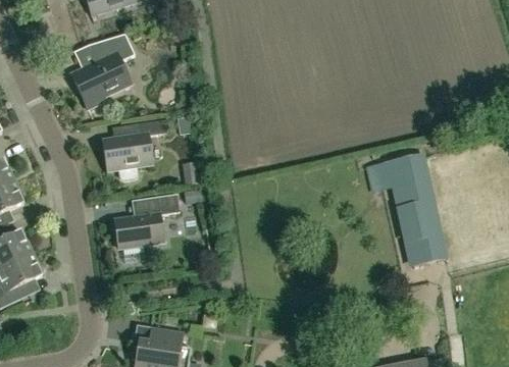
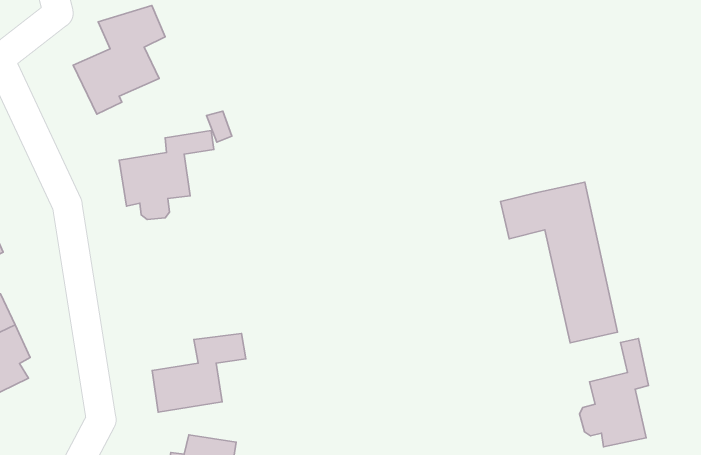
building: [114,194,179,248] -> [152,334,246,412]
building: none -> [579,338,649,447]

